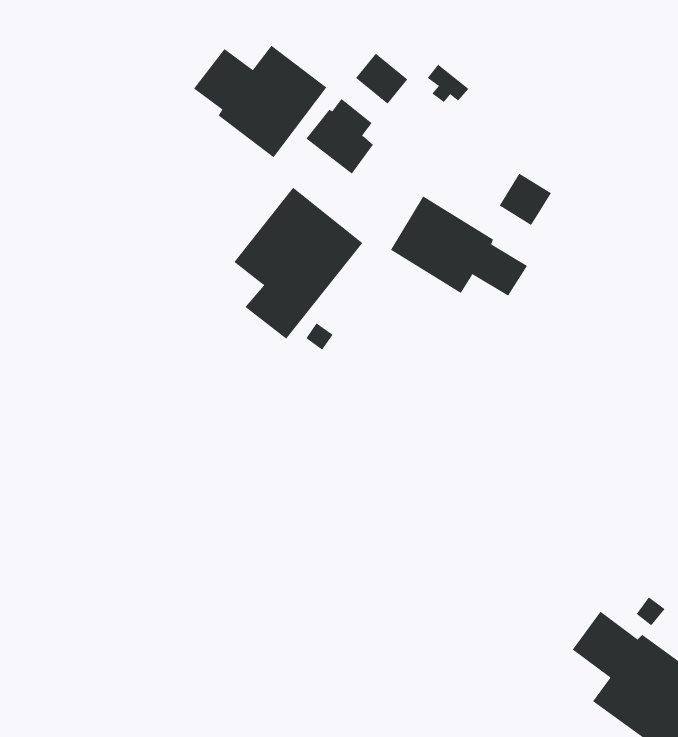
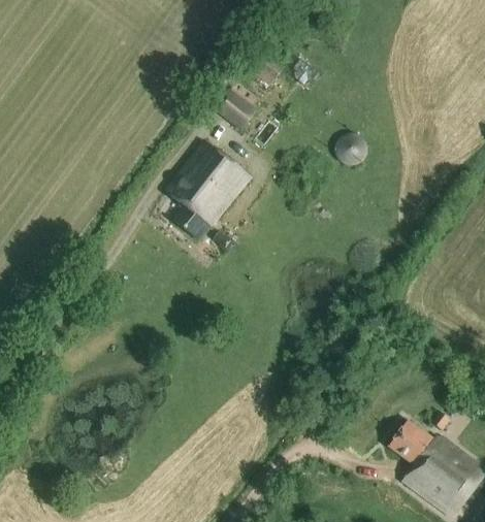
building: [193,45,327,158] -> none
building: [390,196,528,297] -> none

